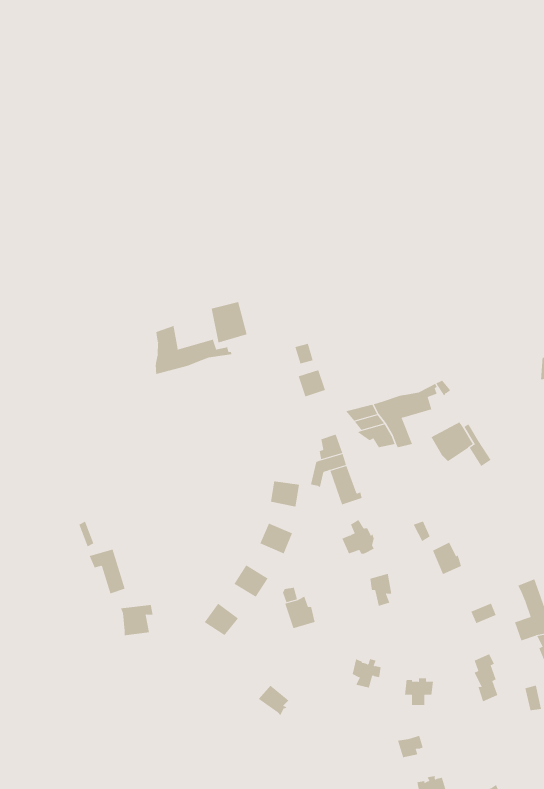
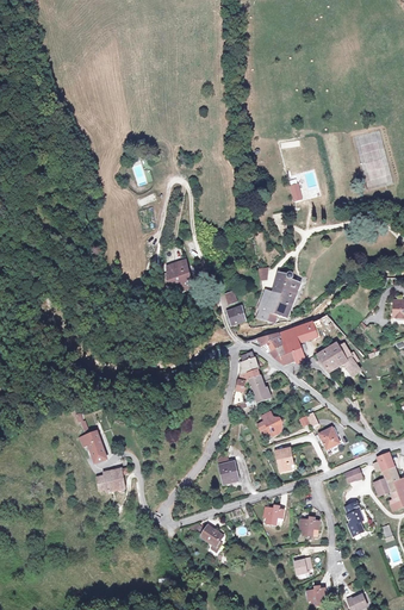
building: none -> [255,275,300,322]
building: [155,325,232,375] -> none

